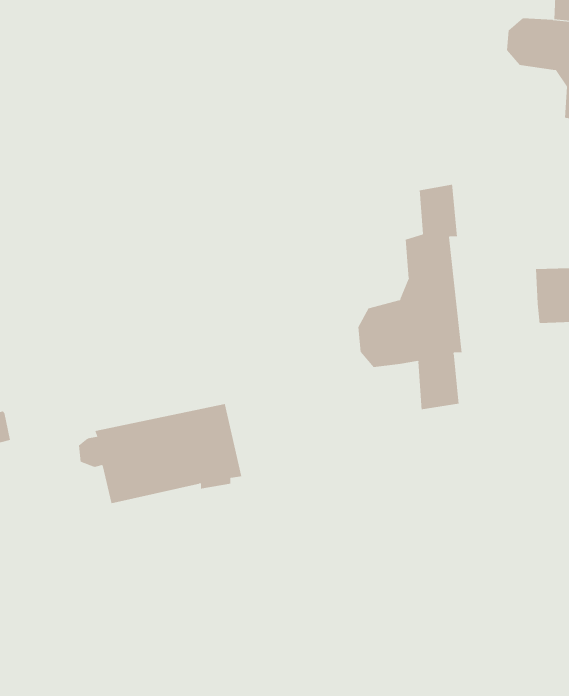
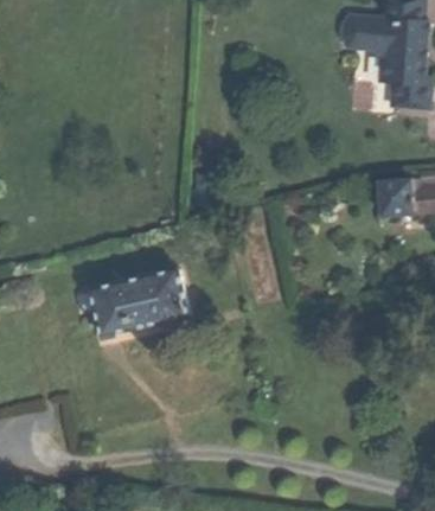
building: [358,184,462,410] -> none

